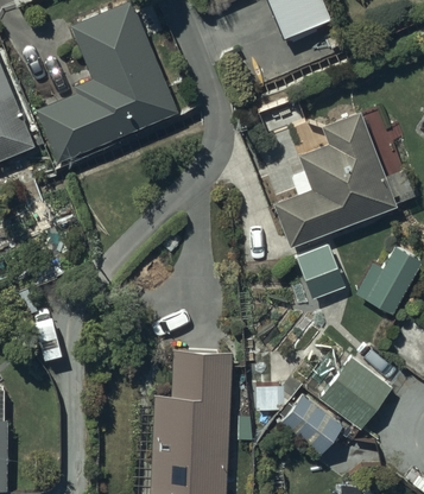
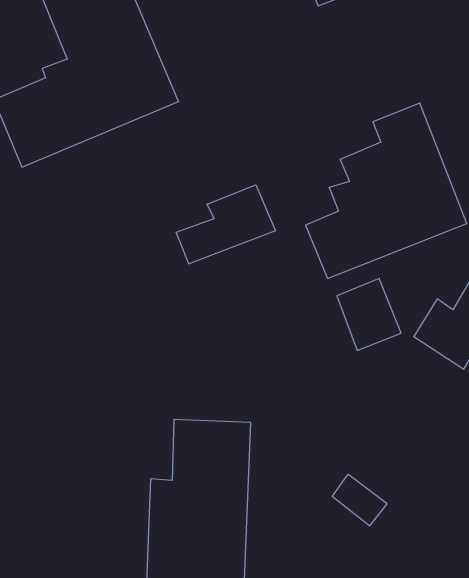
building: none -> [176,185,275,264]
building: [321,357,392,429] -> none

